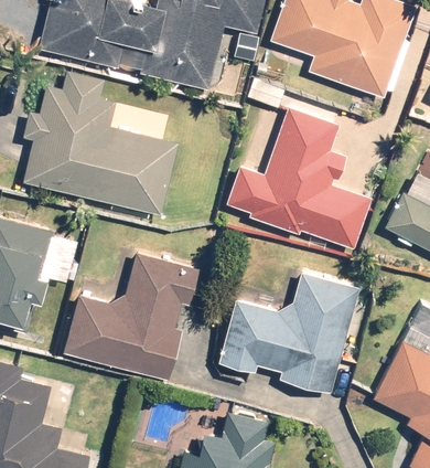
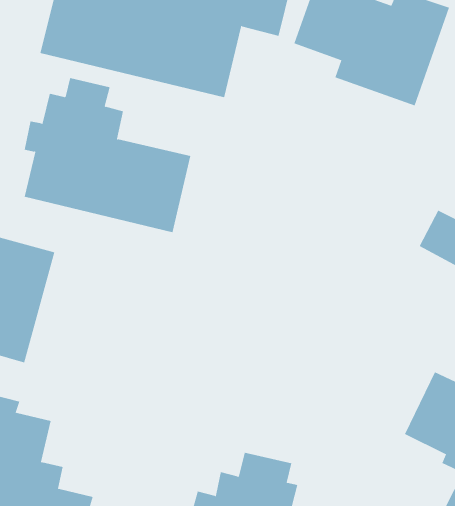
building: [226,108,373,249] -> none
building: [63,255,198,381] -> none
building: [221,273,359,393] -> none

